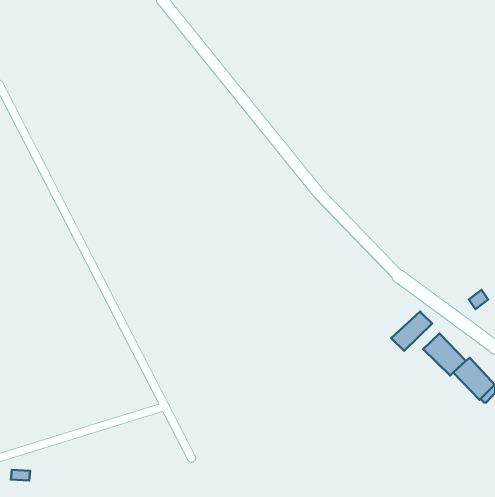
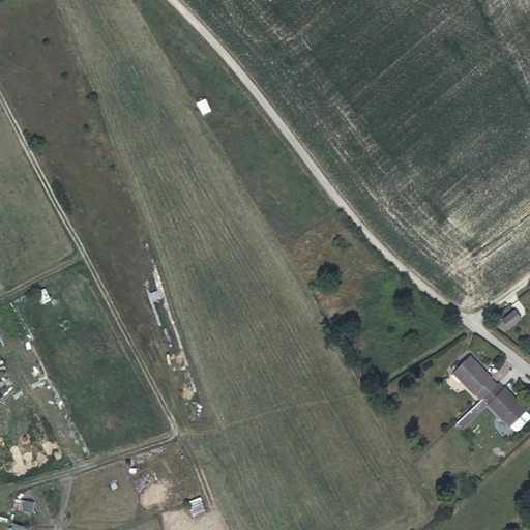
building: [391,312,432,351] -> none

